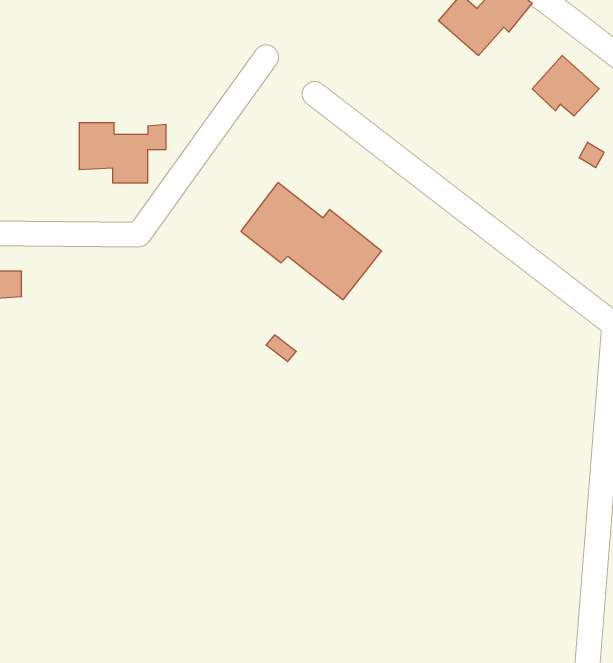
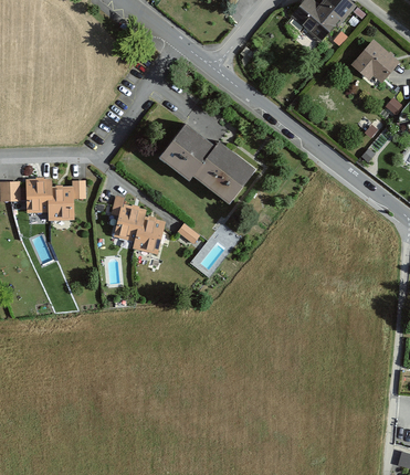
building: [79,123,166,183] -> [27,180,84,220]
building: none -> [112,197,164,252]

